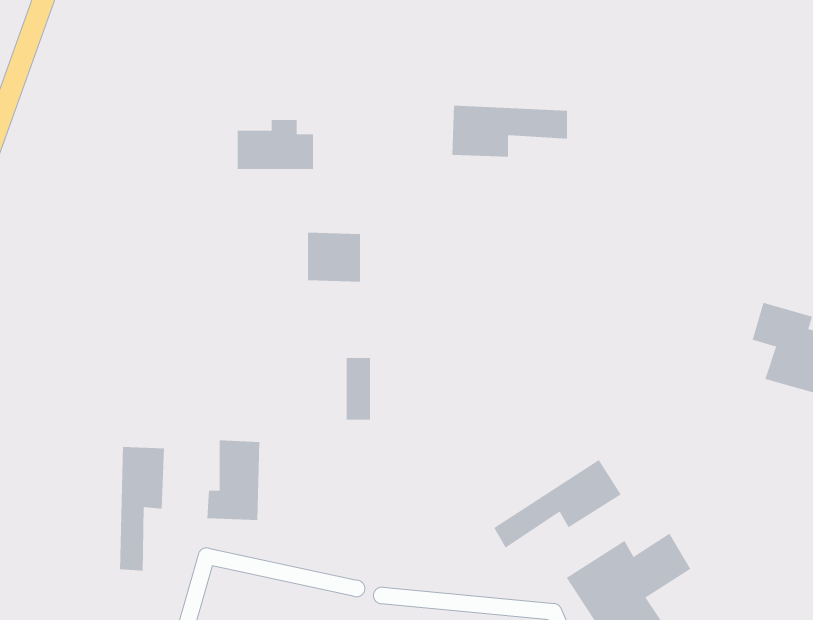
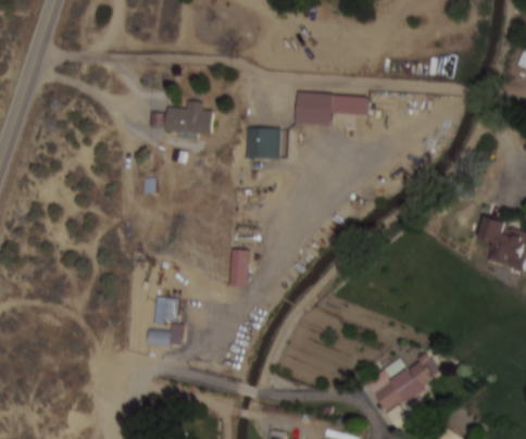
building: [307,232,361,282] -> [246,128,278,159]
building: [119,446,165,572] -> none
building: [494,459,622,548] -> none

